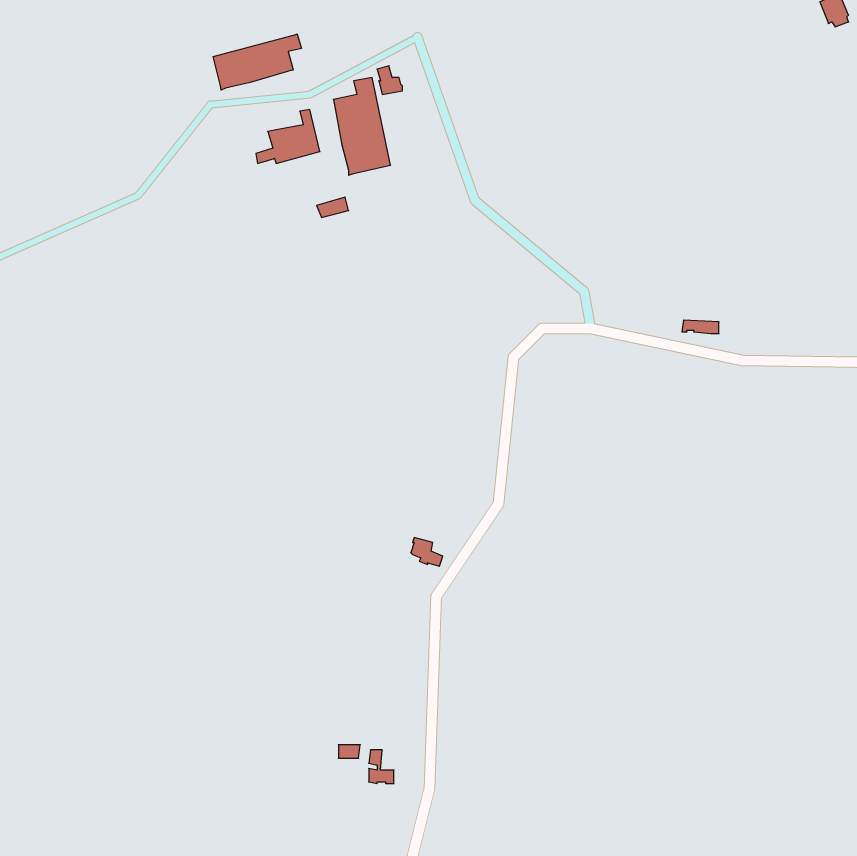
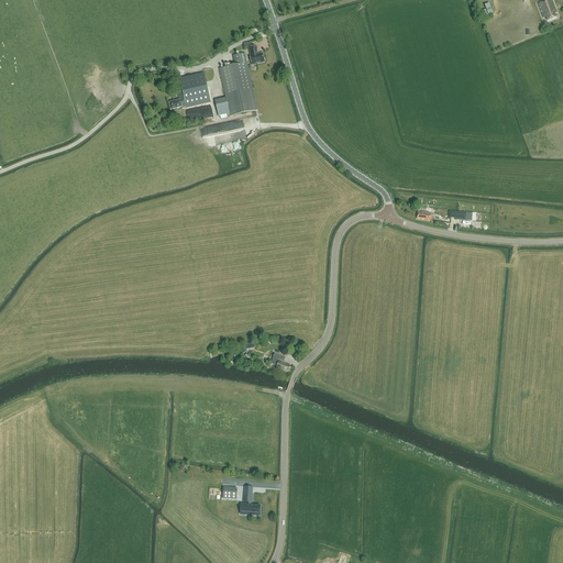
building: [213,34,301,90] -> none

